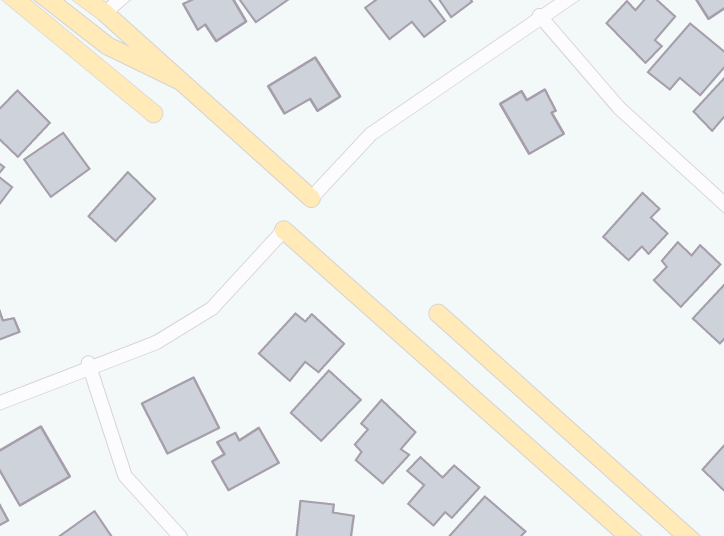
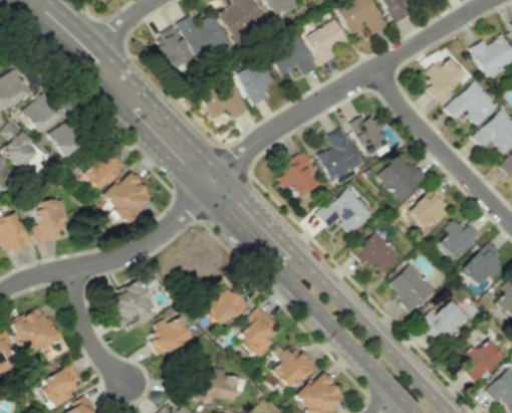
building: none -> [236,62,274,106]
building: none -> [317,134,362,180]
building: none -> [377,153,426,201]
building: none -> [279,150,317,197]
building: none -> [101,170,154,222]
building: none -> [316,187,374,243]
building: none -> [33,196,68,242]
building: none -> [352,230,401,272]
building: [259,314,344,381] -> none
building: none -> [388,262,435,311]
building: none -> [420,299,467,345]

